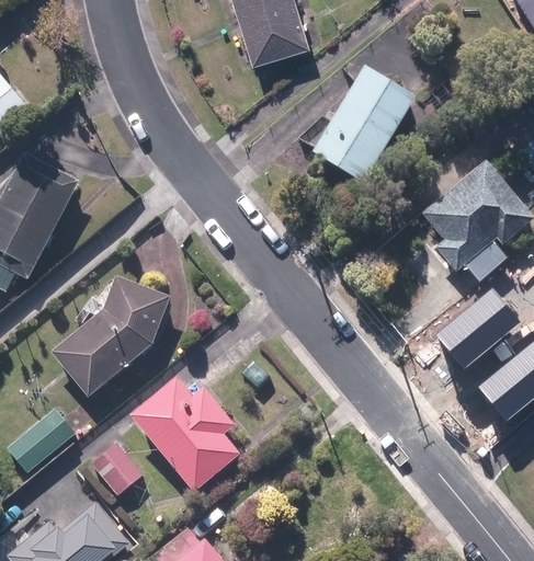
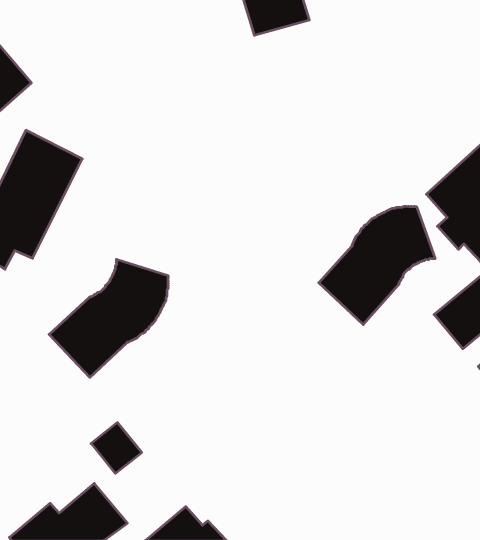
building: [314,65,416,182] -> none
building: none -> [319,206,435,325]
building: [129,377,240,493] -> none
building: [8,412,71,473] -> none

